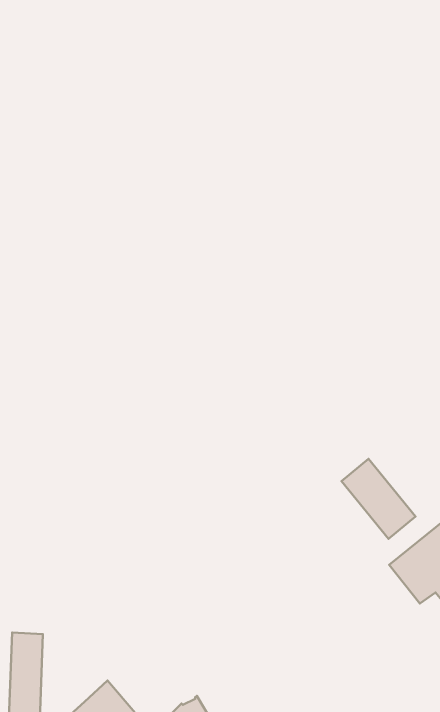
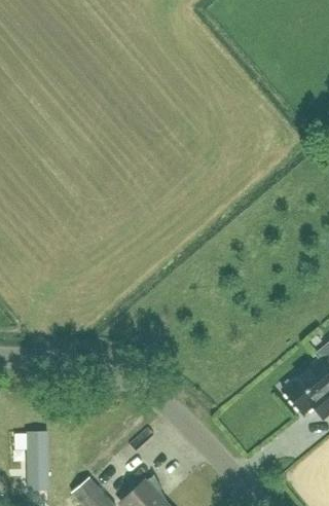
building: [342,459,415,539] -> none

